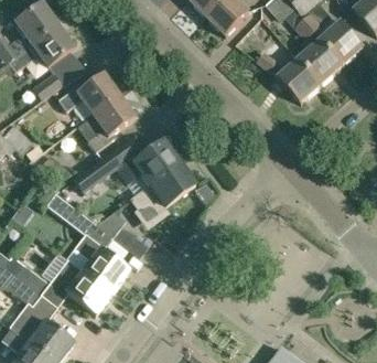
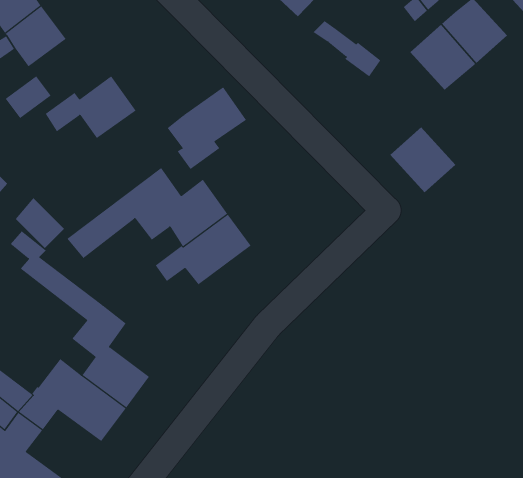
building: [279,57,323,102] -> [390,127,456,193]
building: [82,96,134,151] -> [167,87,247,170]
building: [97,212,148,258] -> none

